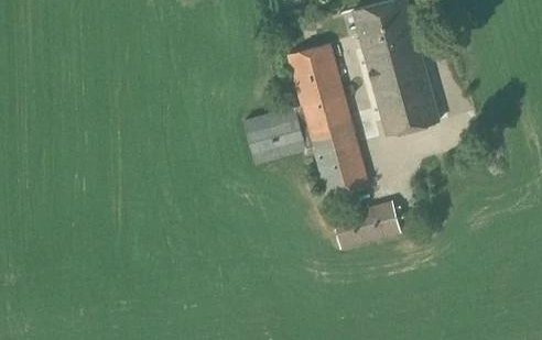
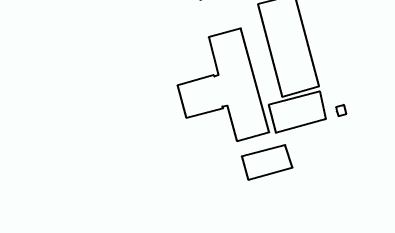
building: none -> [269,91,326,133]

